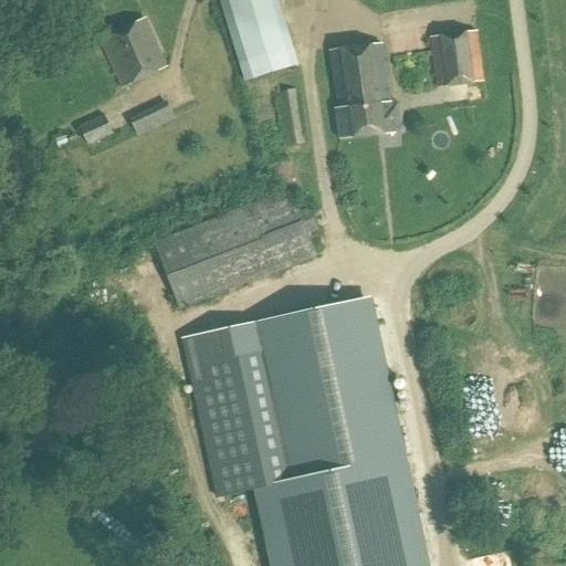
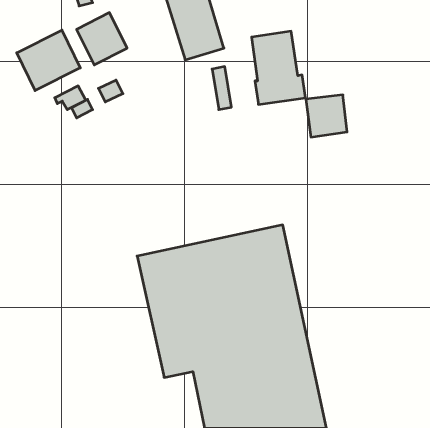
building: [429,30,483,85] -> [306,95,347,137]
building: none -> [17,30,80,91]
building: [153,186,318,307] -> none

